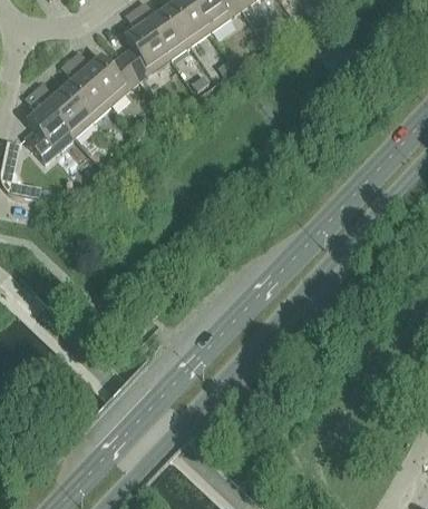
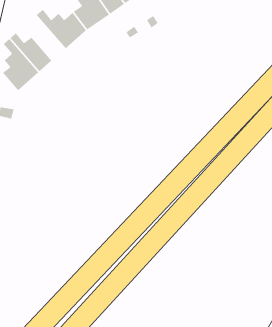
building: [62,60,111,121] -> none

